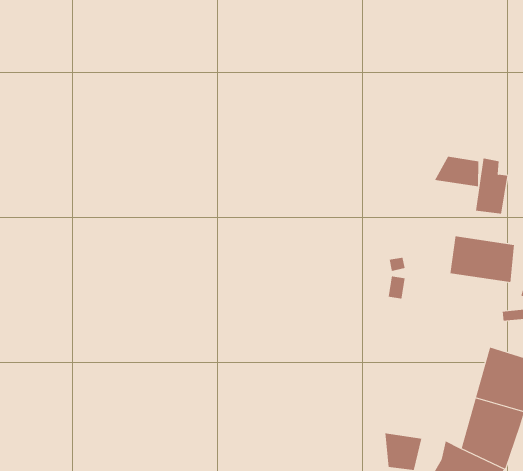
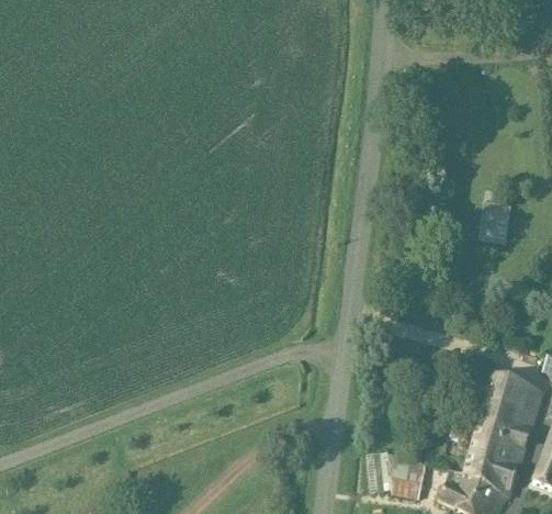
building: [434,156,479,187] -> none
building: [450,235,514,283] -> none

